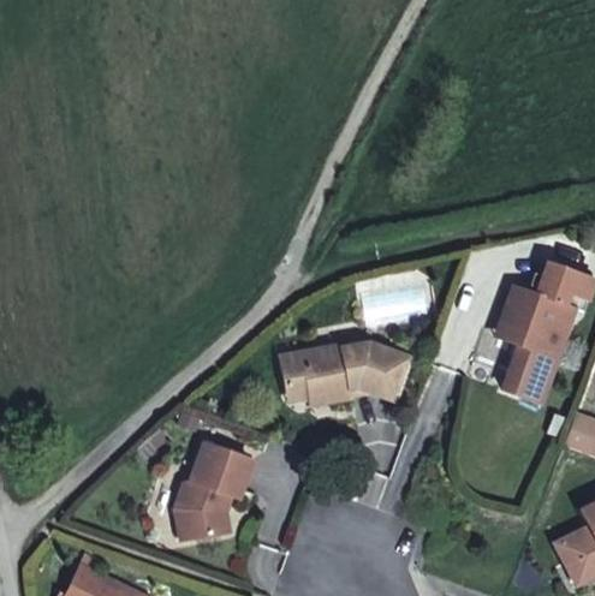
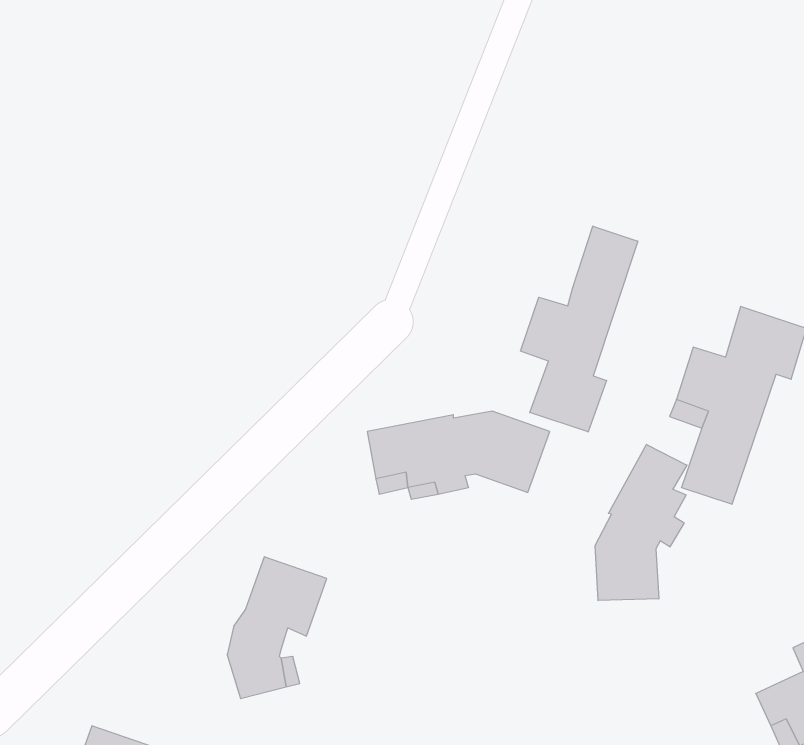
building: none -> [520,226,638,432]
building: none -> [595,444,687,601]

